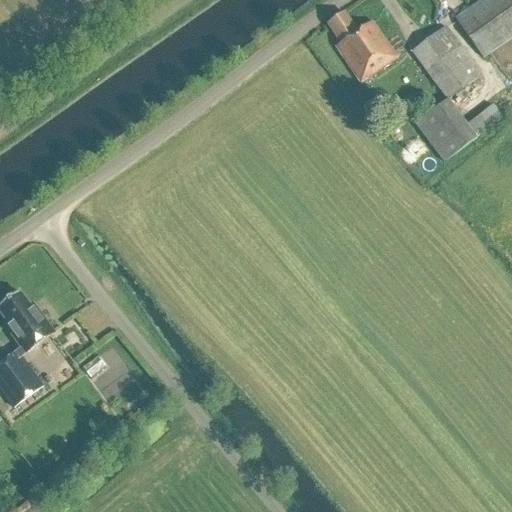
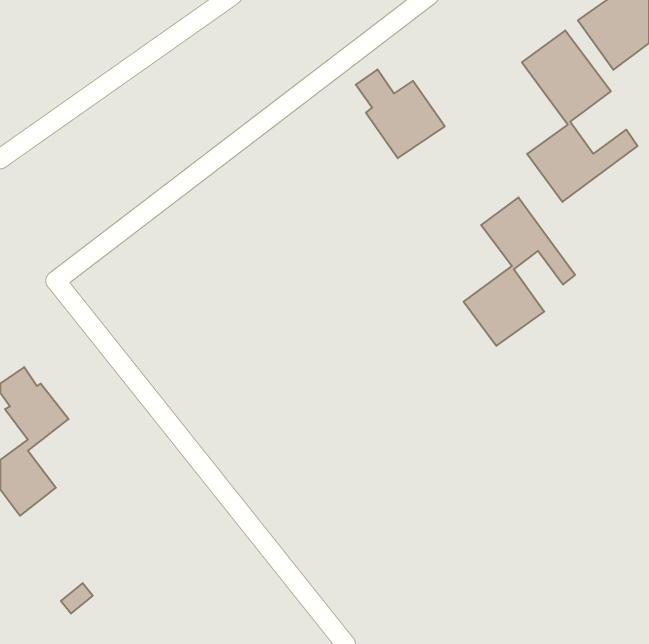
building: [327,10,397,80] -> [356,69,445,158]
building: none -> [464,197,575,346]

